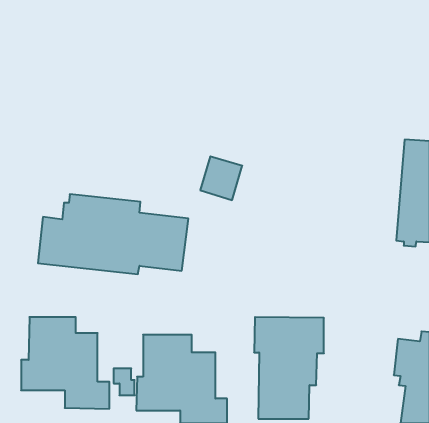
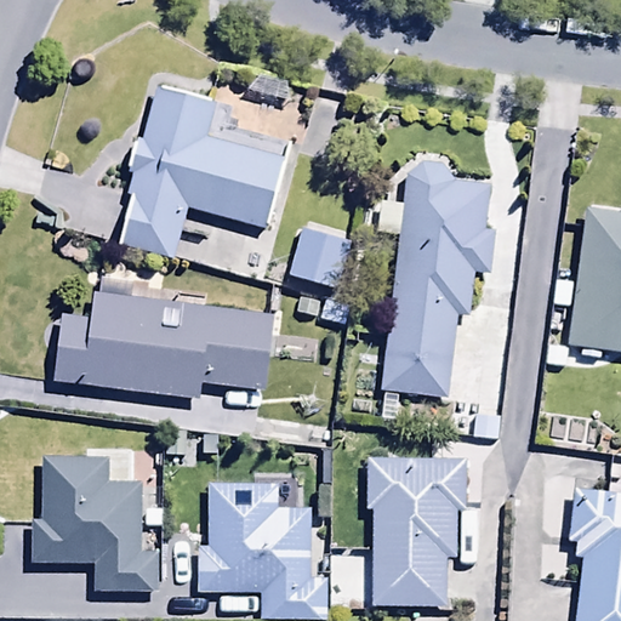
building: none -> [120,85,284,258]
building: none -> [380,161,494,398]

